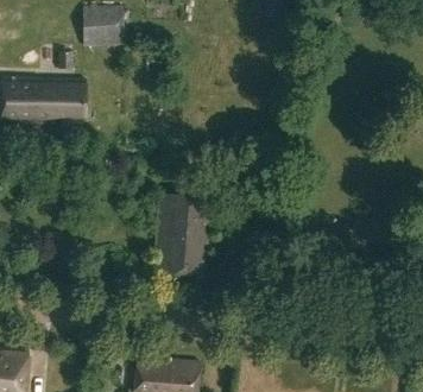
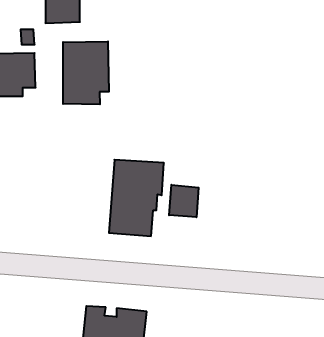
building: none -> [63,41,109,104]
building: none -> [169,185,199,217]

